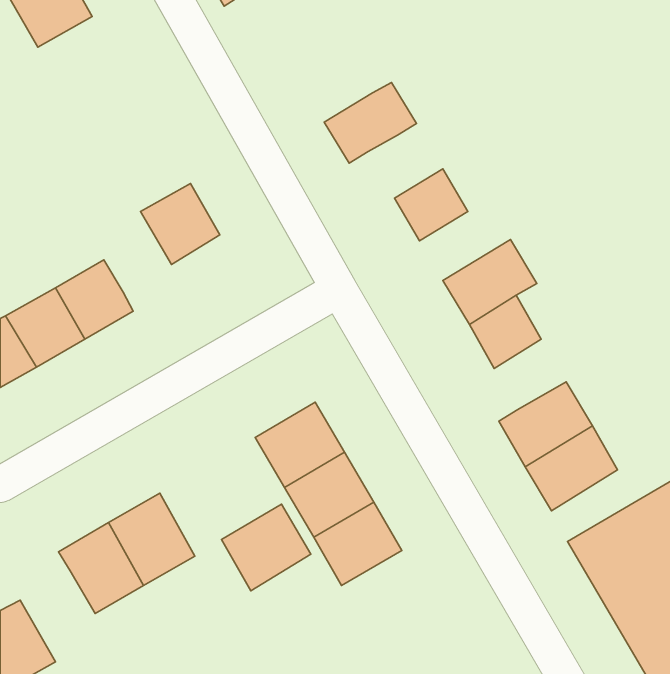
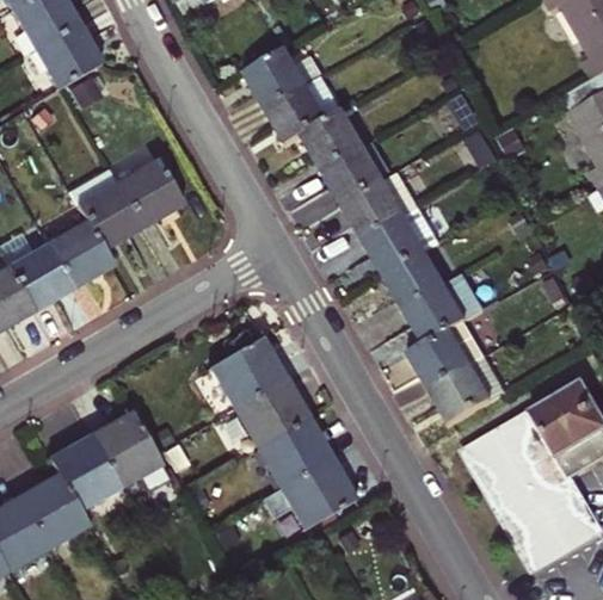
building: none -> [32,24,100,89]
building: none -> [244,49,320,110]
building: none -> [301,111,362,172]
building: none -> [67,167,141,248]
building: none -> [343,173,417,239]
building: none -> [404,286,462,344]
building: [221,504,311,591] -> [279,458,352,528]
building: none -> [18,475,87,549]

